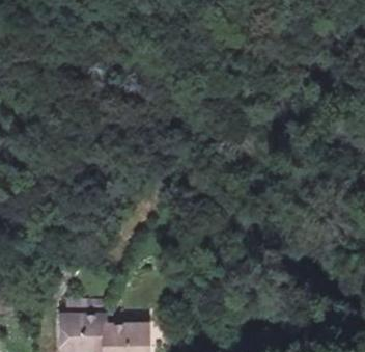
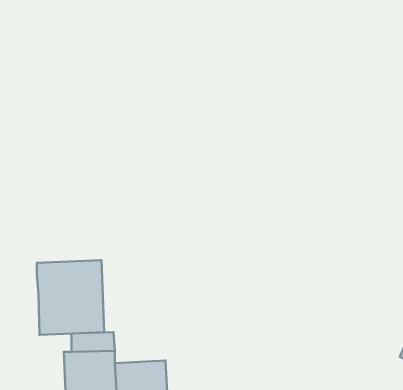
building: none -> [37,260,104,335]

